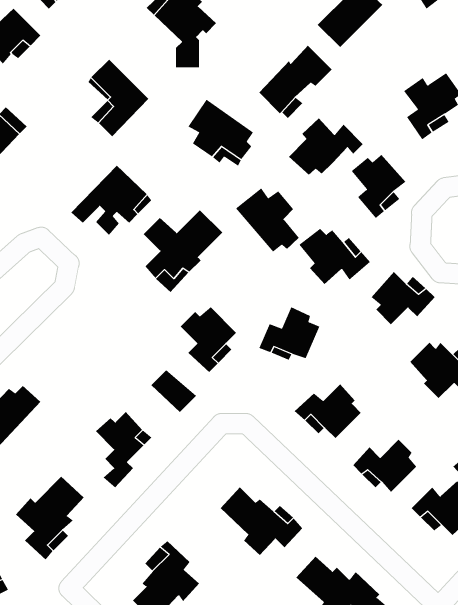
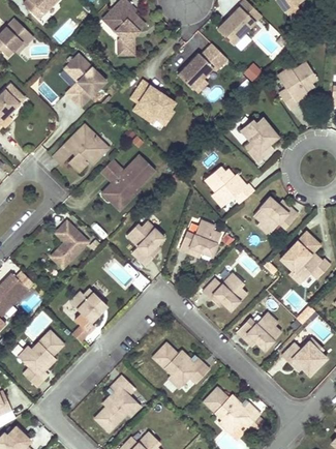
building: [288,118,364,175] -> none
building: [235,187,300,252] -> none
building: none -> [51,220,89,268]

